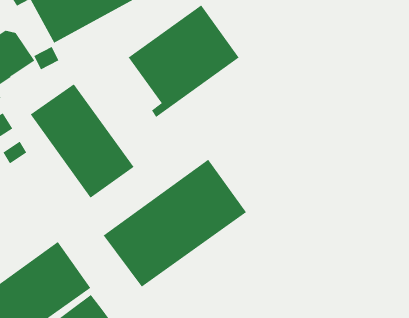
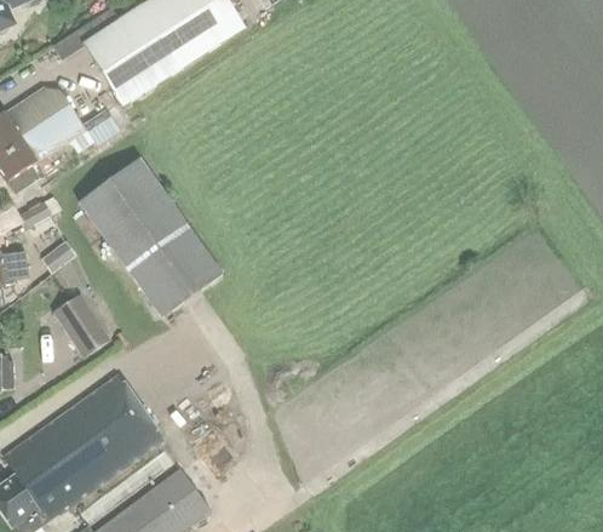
building: [128,4,239,118] -> none
building: [103,159,247,288] -> none
building: none -> [52,294,110,359]

